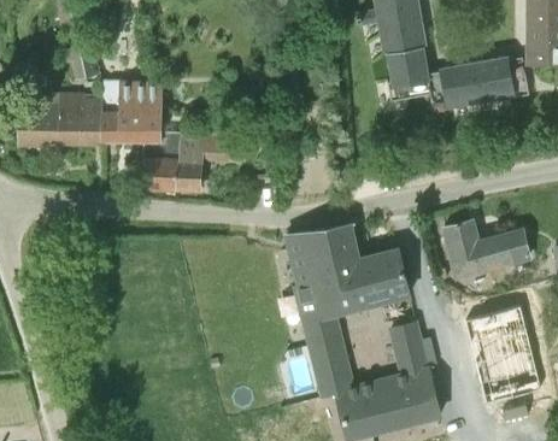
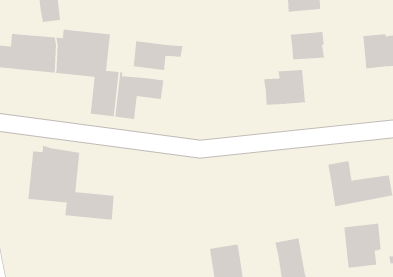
building: [380,33,425,67] -> none
building: [427,61,482,110] -> [263,69,306,105]
building: none -> [133,41,183,71]
building: [286,224,411,341] -> none
building: none -> [28,145,114,221]

